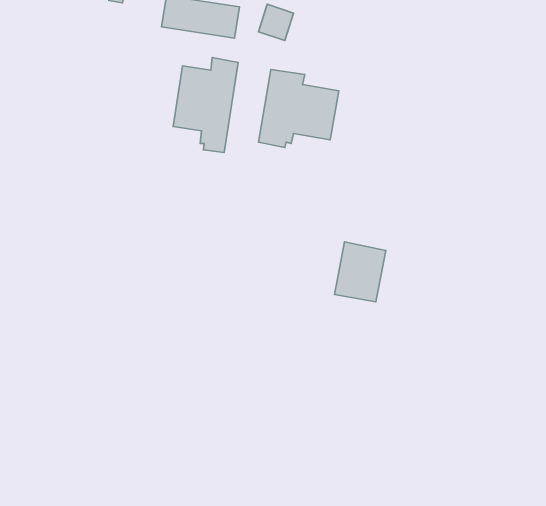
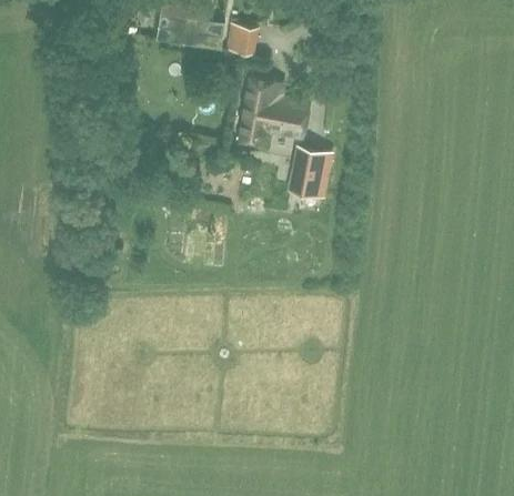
building: [173,57,238,153] -> none
building: [334,242,386,302] -> [288,145,333,199]

